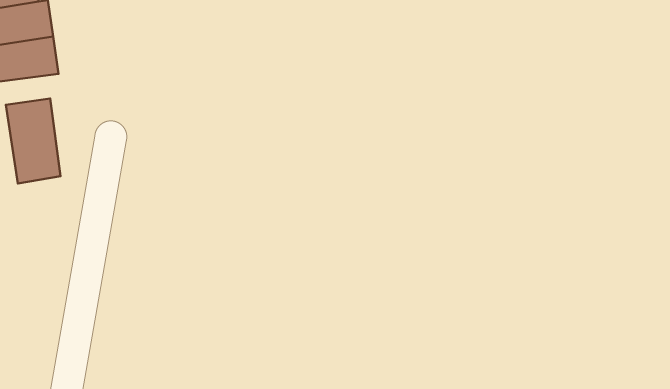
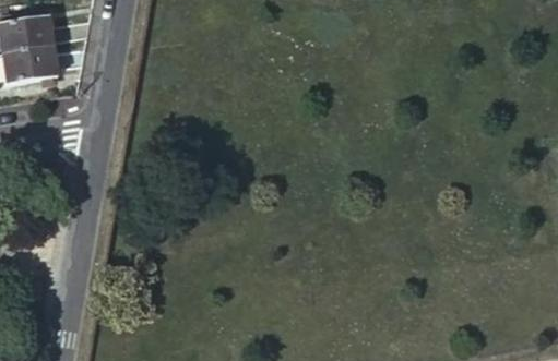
building: [6,98,60,184] -> none

